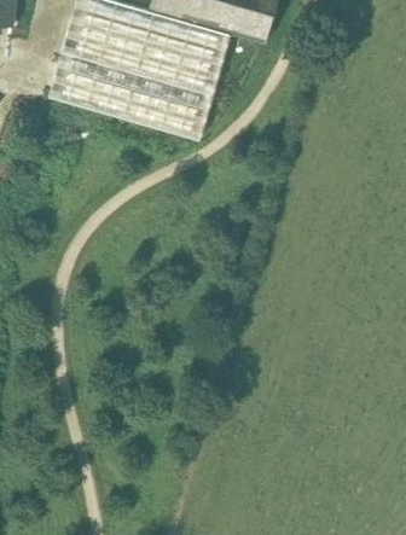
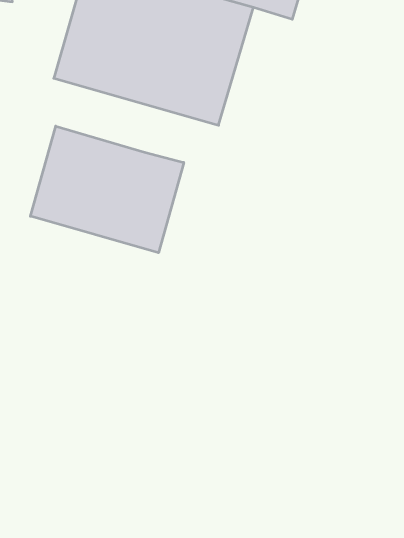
building: none -> [30,126,184,253]

